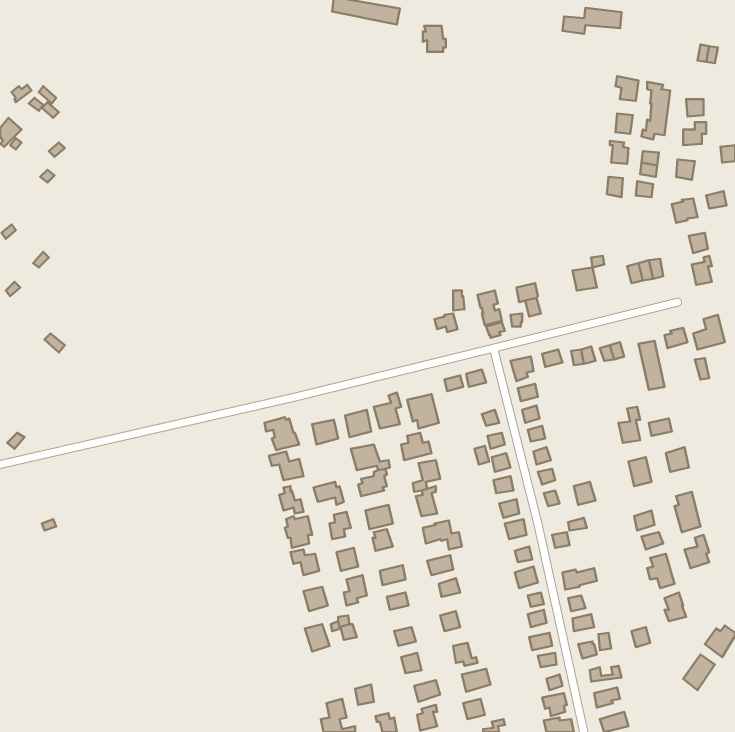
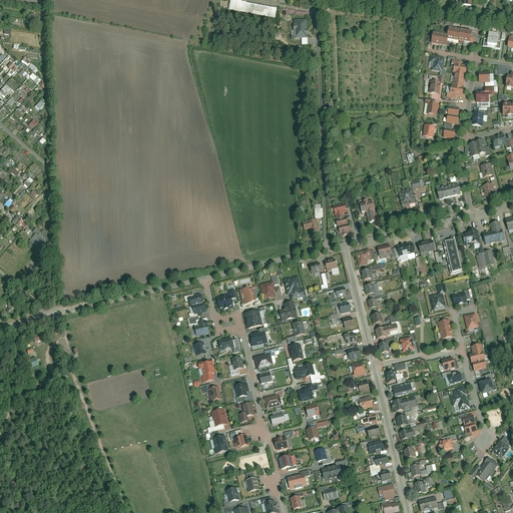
building: [563,8,622,34] -> [432,26,473,44]

